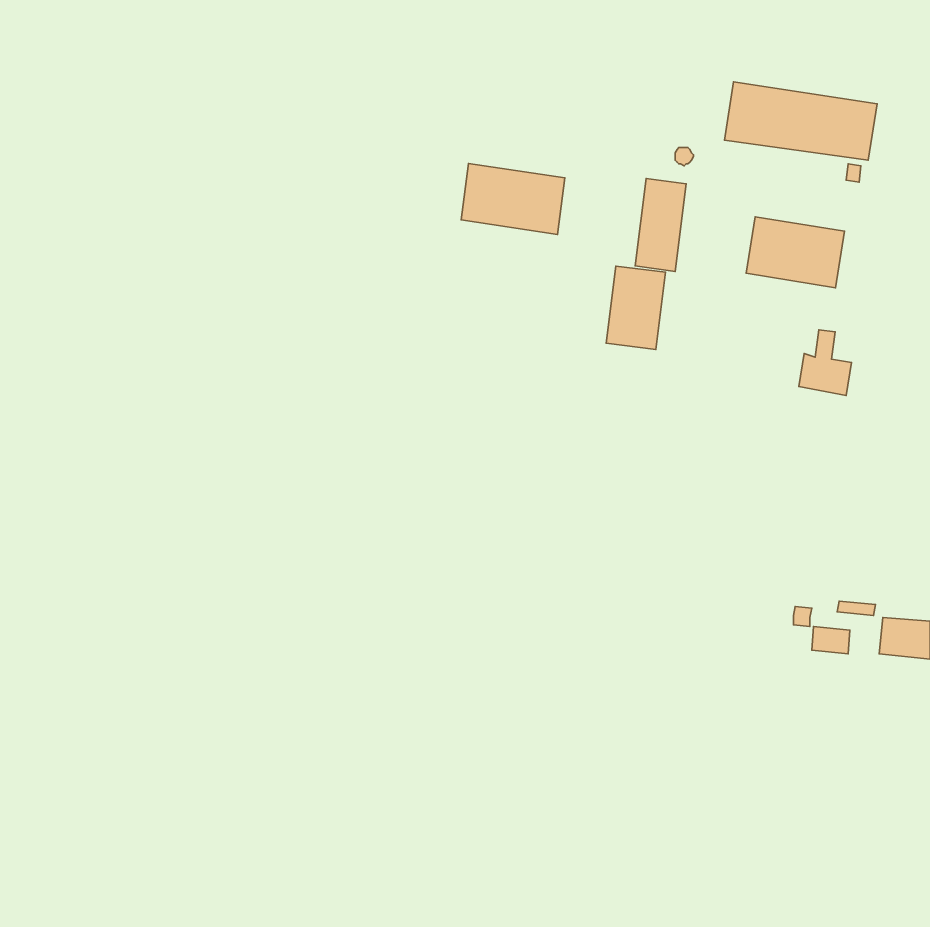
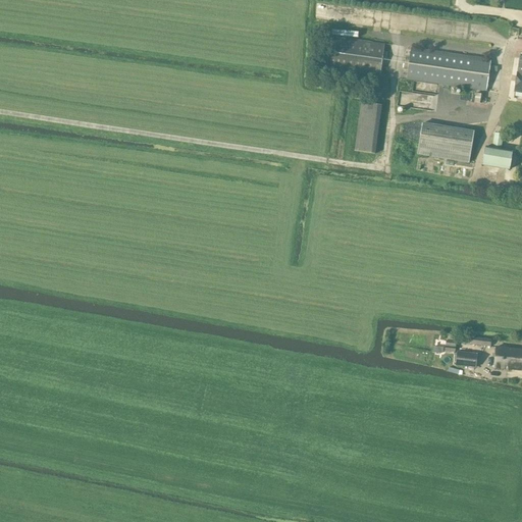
building: [461,163,565,234] -> [326,35,384,74]
building: [606,266,665,349] -> none
building: [799,330,852,395] -> [482,132,512,168]

